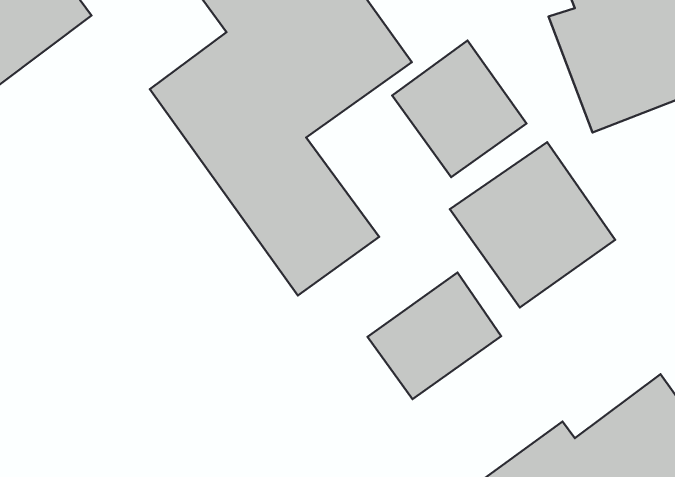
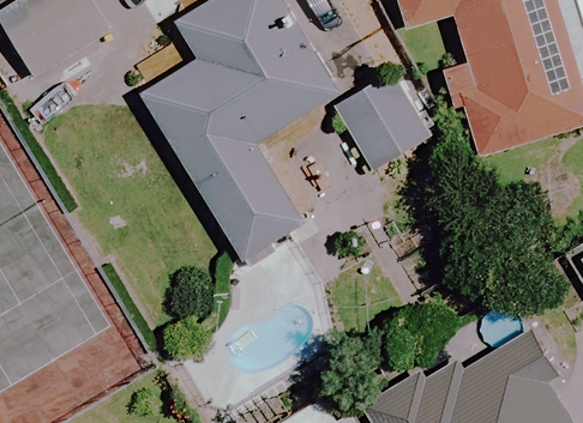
building: [450,142,615,308] -> none
building: [368,272,501,399] -> none

